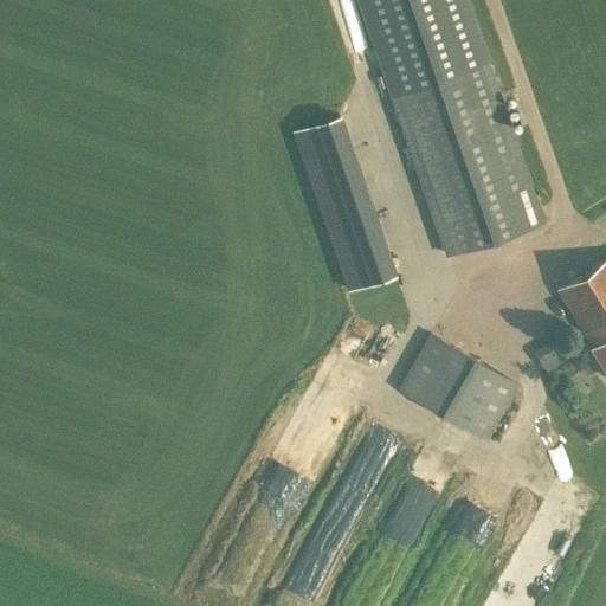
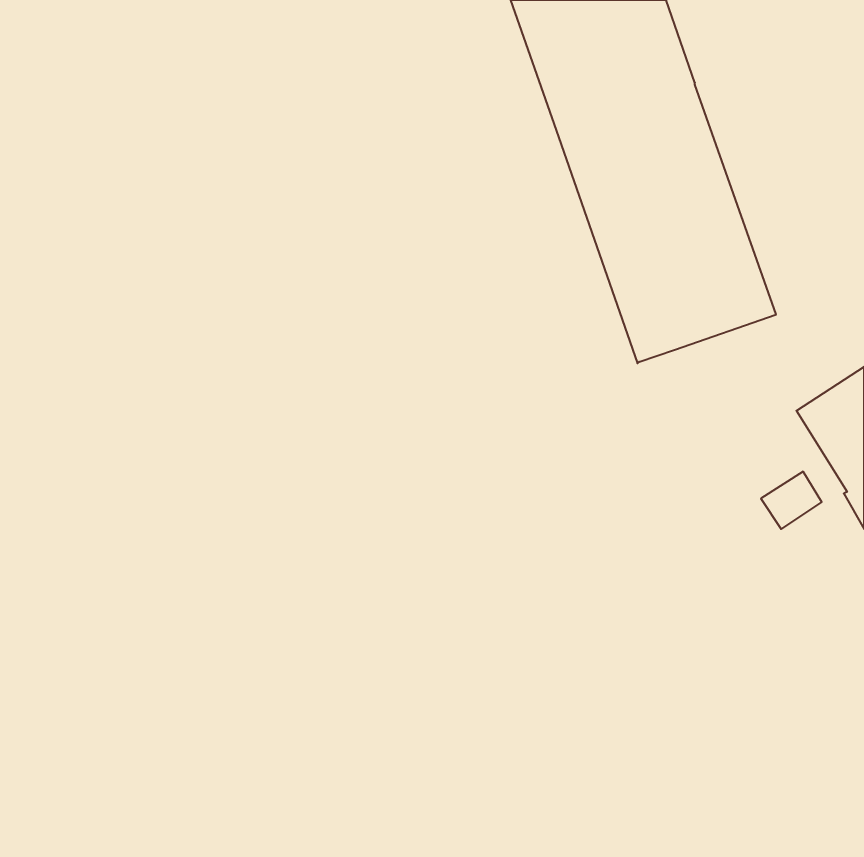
building: [297,114,400,292] -> none
building: [398,335,518,443] -> none

